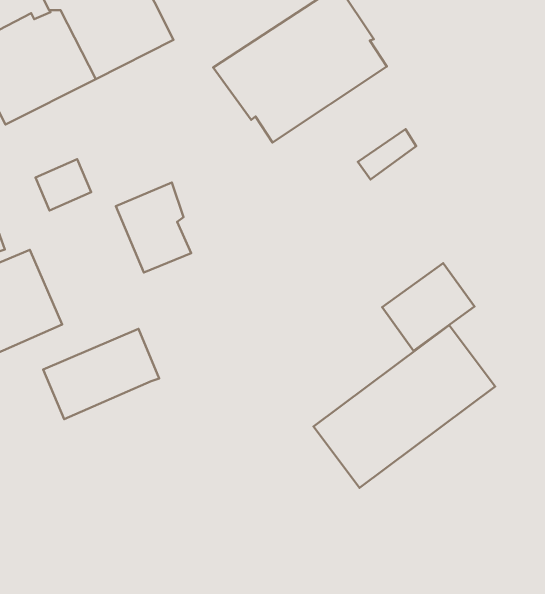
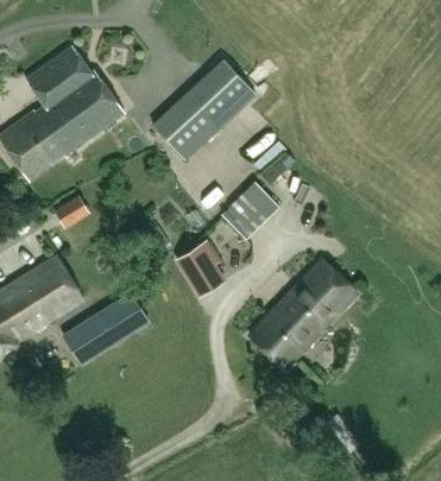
building: [116,182,191,272] -> [176,239,227,297]
building: [382,263,475,351] -> [222,181,279,238]

